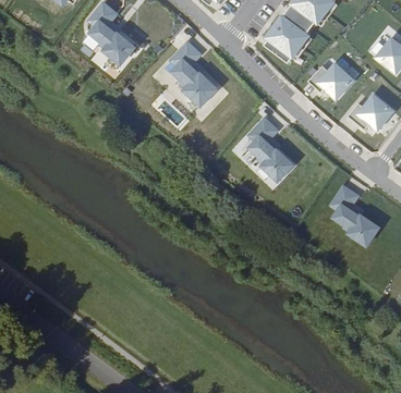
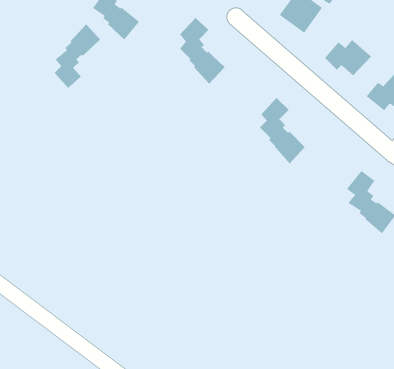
building: none -> [54,24,101,89]

